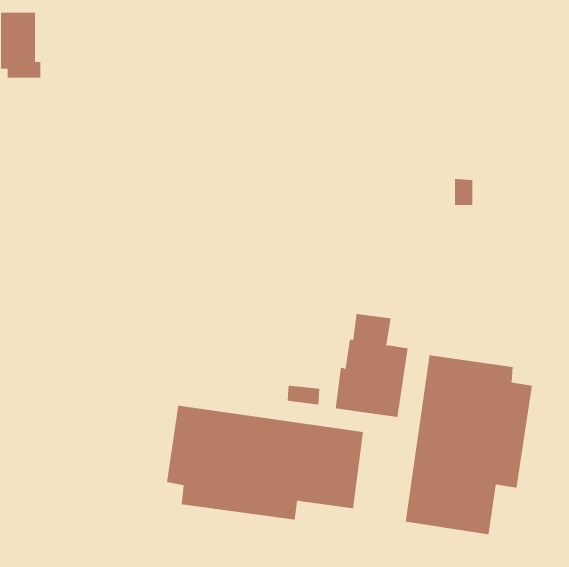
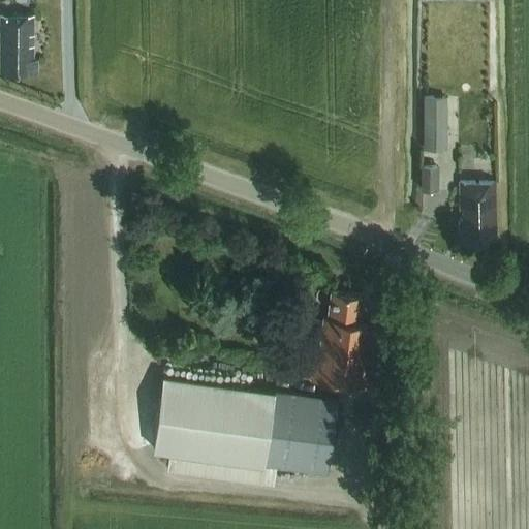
building: none -> [422,98,445,150]
building: none -> [462,184,498,246]
building: [405,354,533,535] -> none

